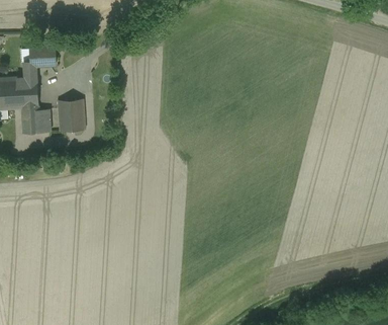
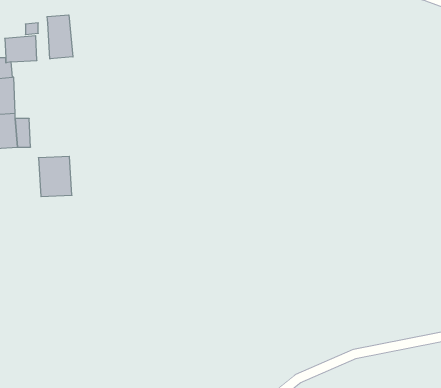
building: none -> [47,15,73,59]
building: [58,100,84,132] -> [38,156,72,197]

